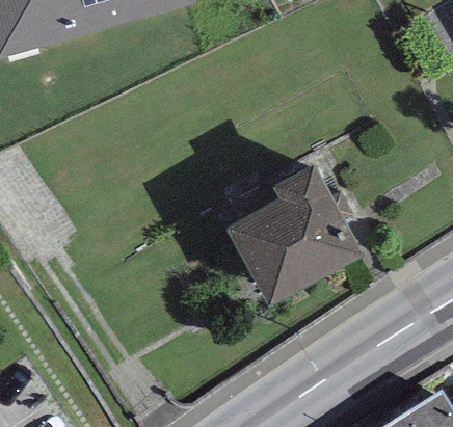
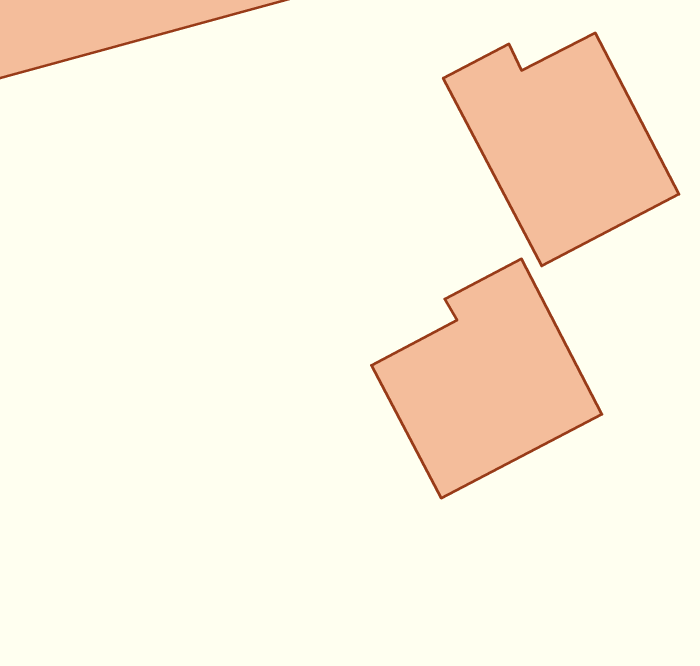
building: none -> [443,33,679,266]

